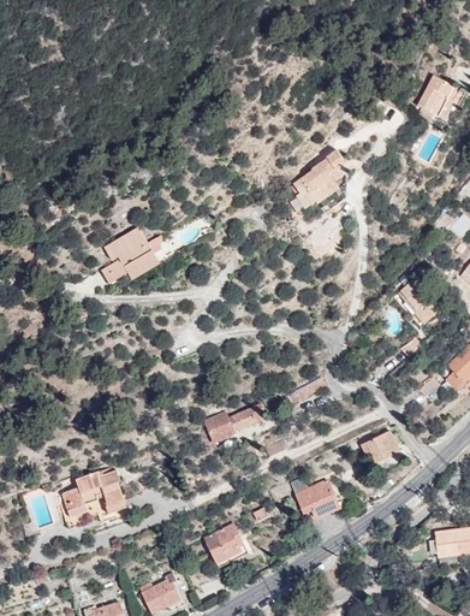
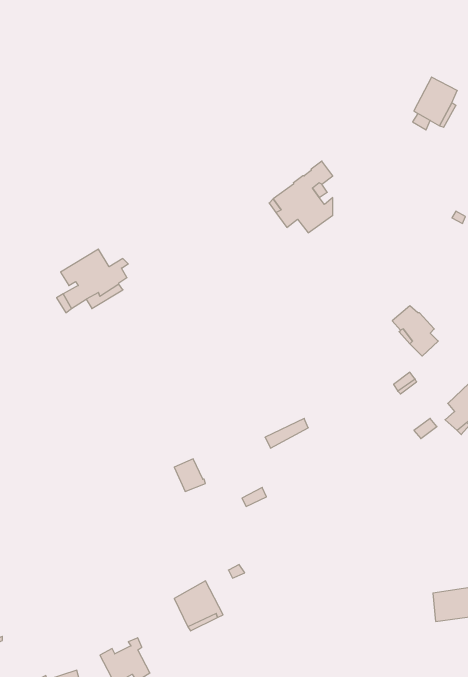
building: [221,404,266,432] -> none
building: [361,431,398,462] -> none
building: [60,470,125,529] -> none
building: [290,476,339,519] -> none

